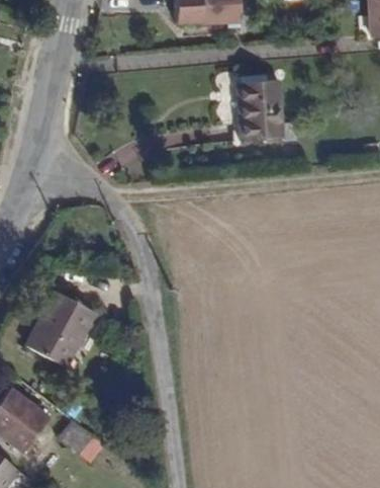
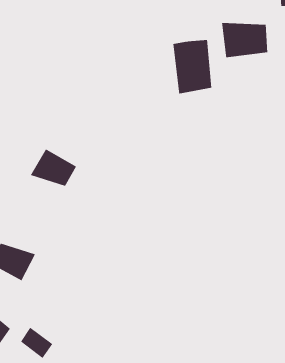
building: none -> [222,22,268,58]
building: [38,286,93,330] -> [30,148,77,187]

